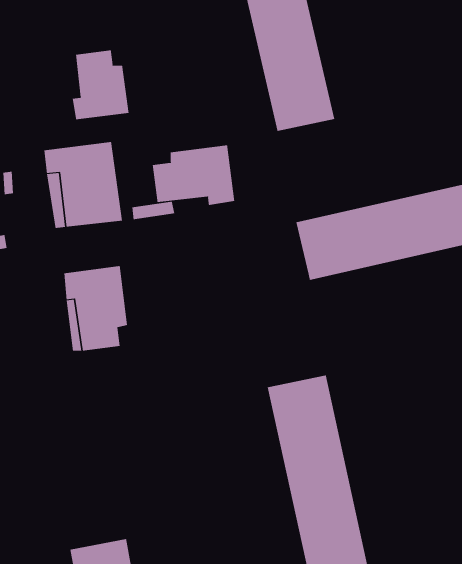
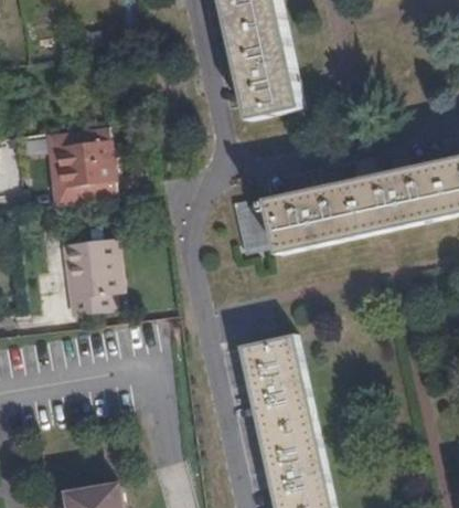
building: [72,50,129,120] -> none
building: [152,144,235,206] -> none
building: none -> [234,200,278,253]

